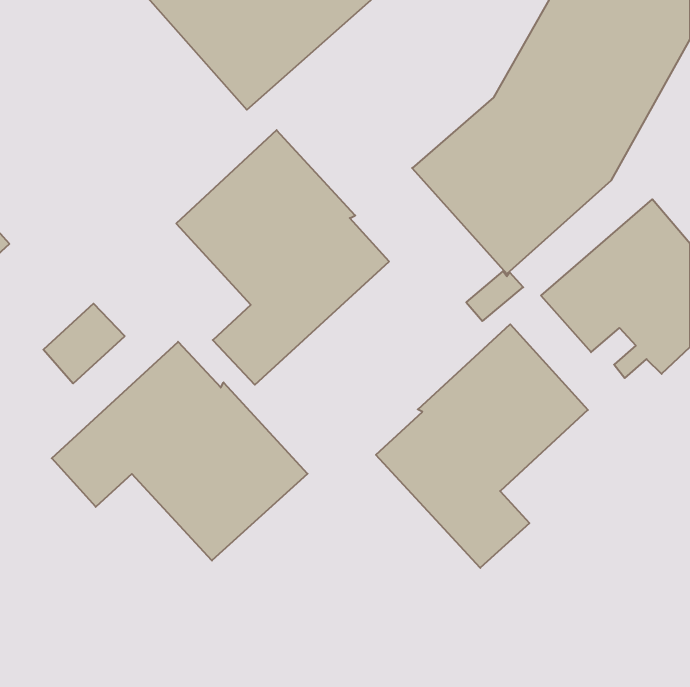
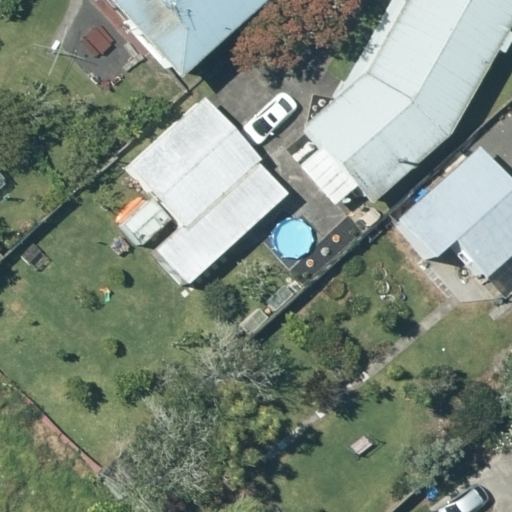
building: [376,324,588,568] -> none
building: [52,342,308,561] -> none

